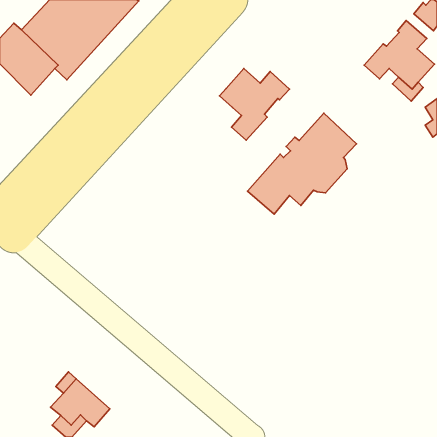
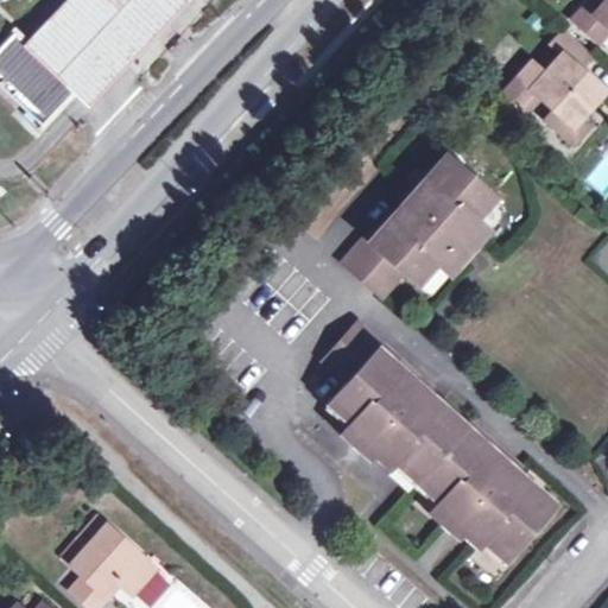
building: [220,69,290,140] -> none
building: none -> [323,324,550,559]

